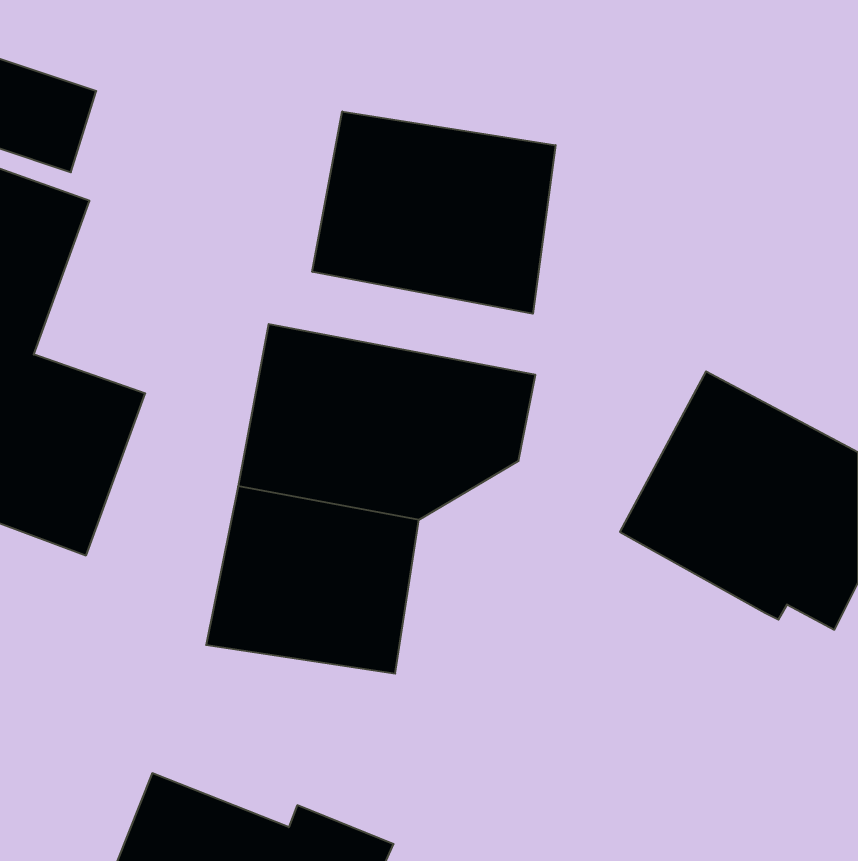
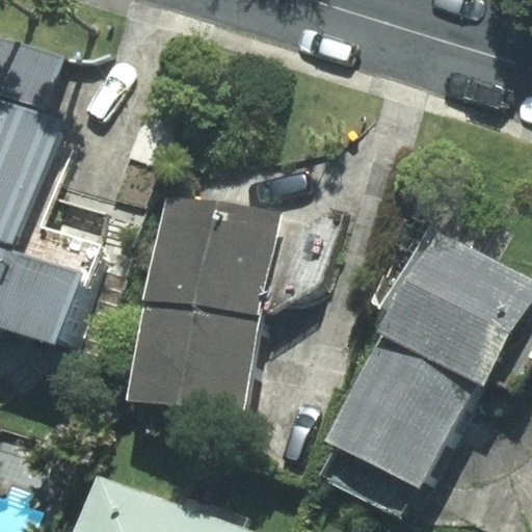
building: [312,111,556,314] -> none
building: none -> [324,328,471,484]

